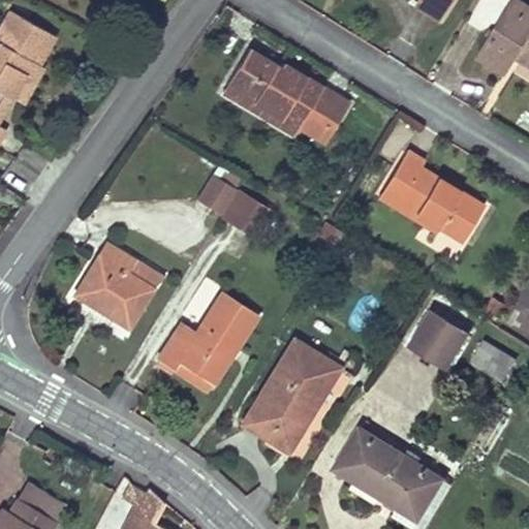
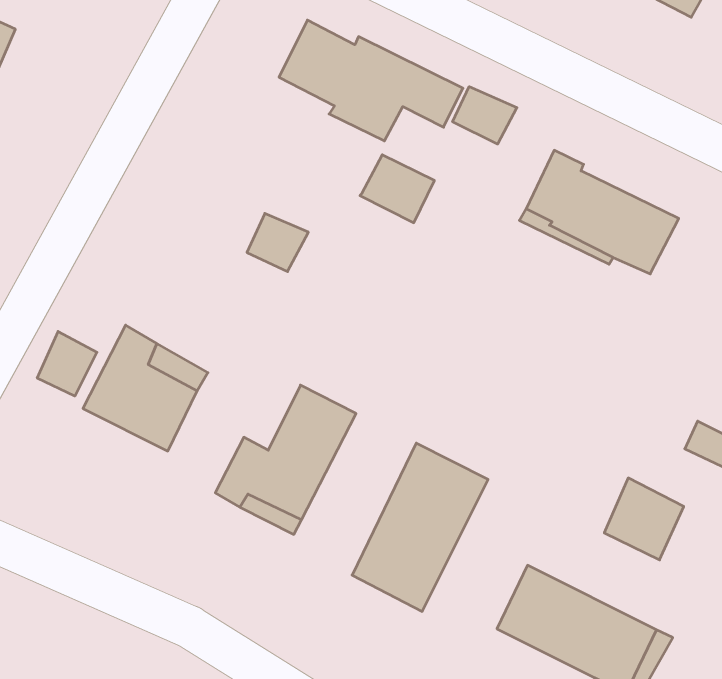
building: none -> [453,87,517,144]
building: [219,191,270,239] -> [360,155,434,223]
building: none -> [37,331,97,396]
building: [412,310,467,367] -> [604,478,684,560]

